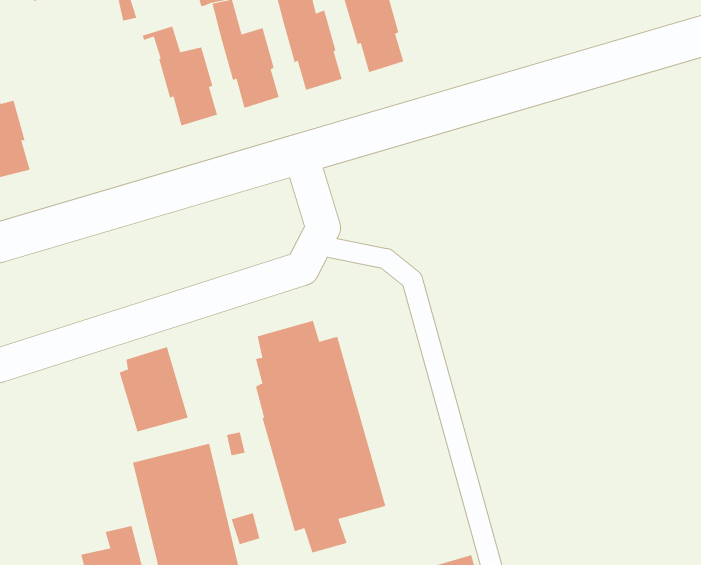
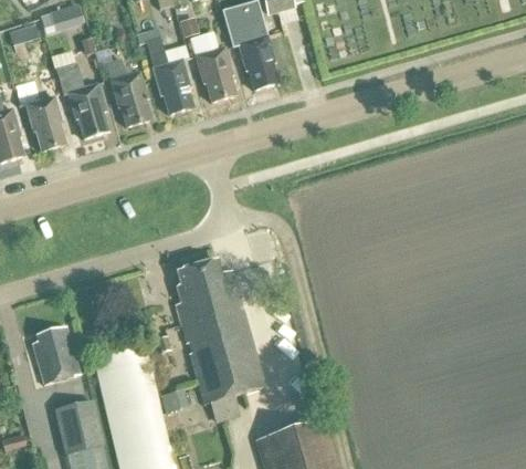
building: none -> [55,62,107,137]
building: none -> [20,81,65,149]
building: [119,347,188,432] -> [32,324,80,383]

